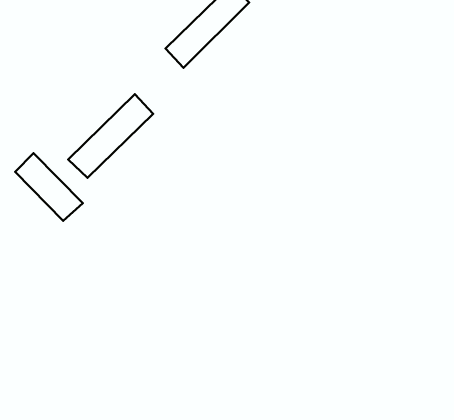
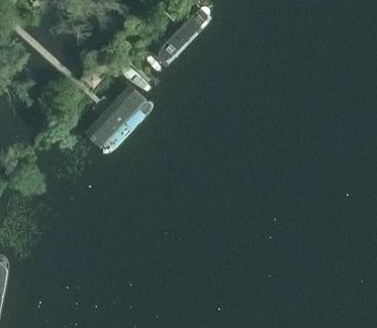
building: [15,153,83,221] -> none

